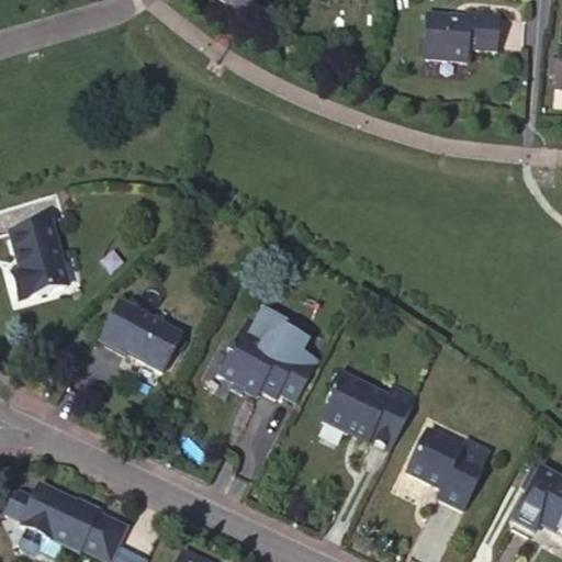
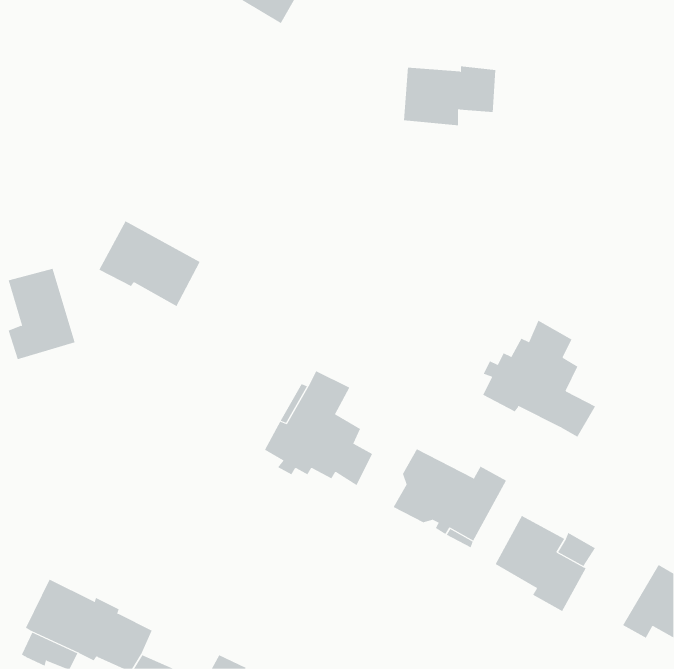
building: [424,12,501,61] -> [403,66,496,126]
building: none -> [483,320,596,437]
building: [99,299,183,370] -> [98,221,201,307]

